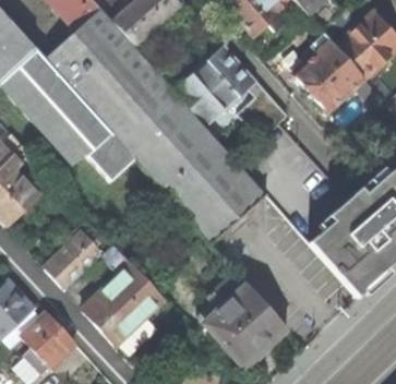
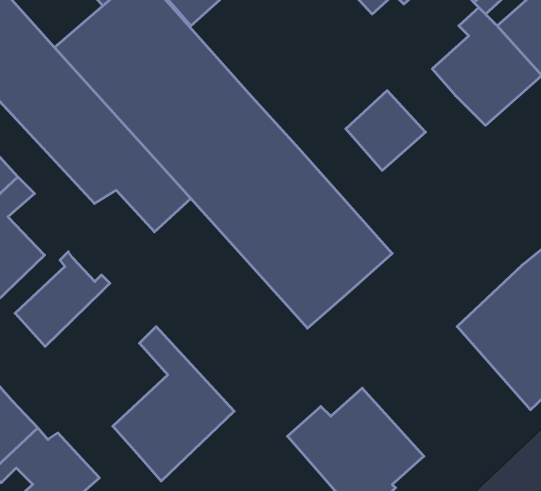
building: [172,41,256,124] -> none
building: [44,226,106,288] -> [15,252,110,346]

